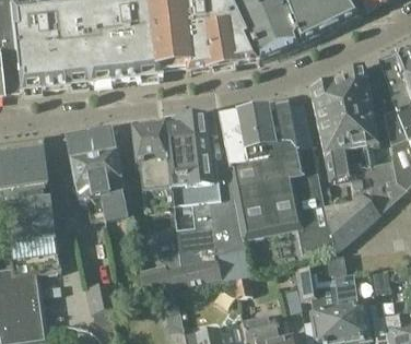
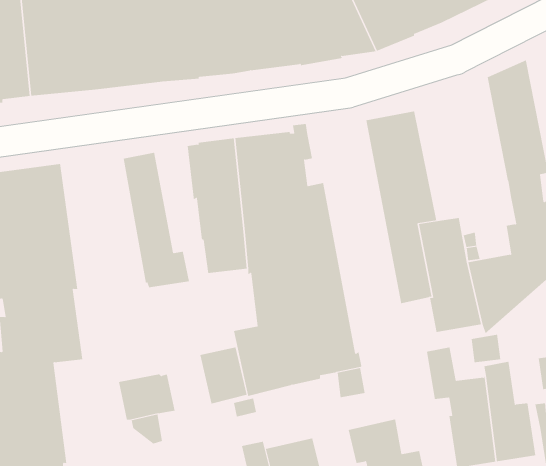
building: [310,78,356,181] -> none
building: [219,107,278,266] -> none
building: [66,133,103,221] -> none

